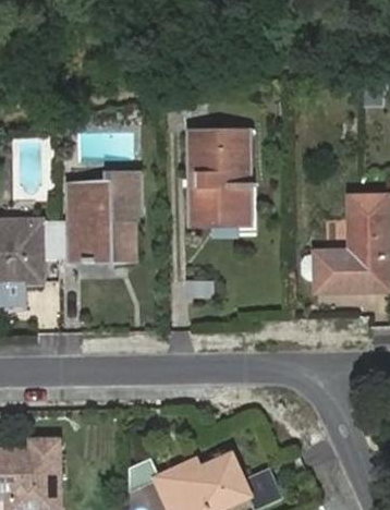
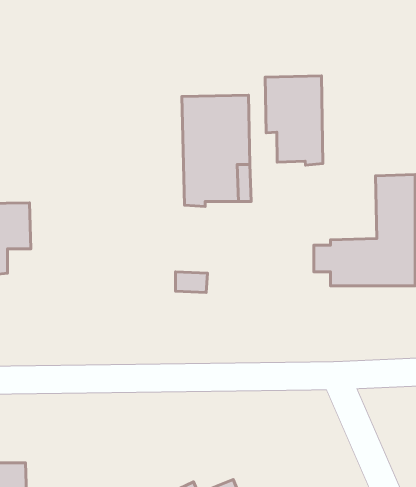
building: none -> [265,76,323,165]
building: [59,173,143,259] -> none

